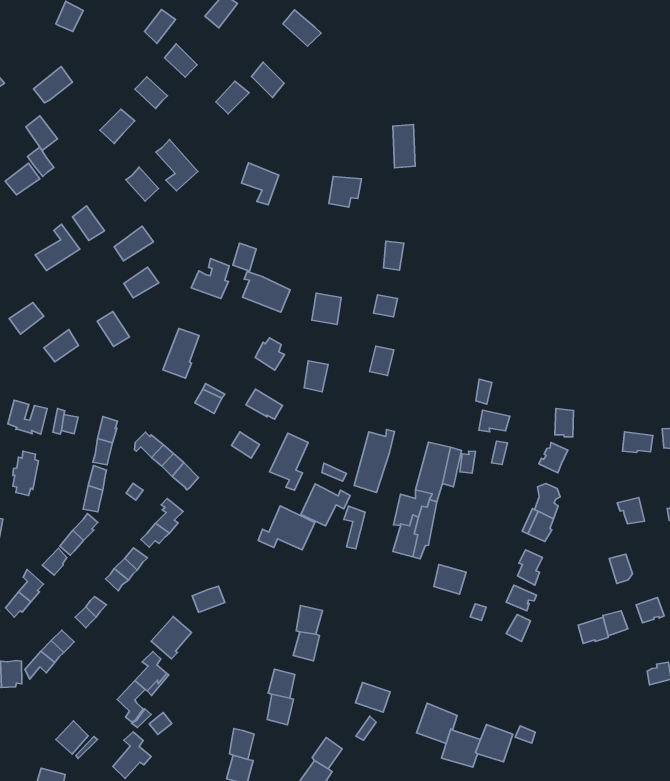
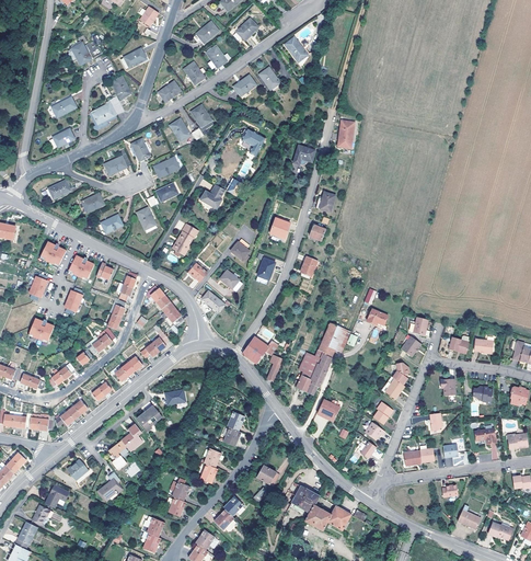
building: [243,271,290,312] -> none
building: [354,430,394,493] -> none
building: [270,433,308,490] -> none
building: [258,506,315,550] -> none

